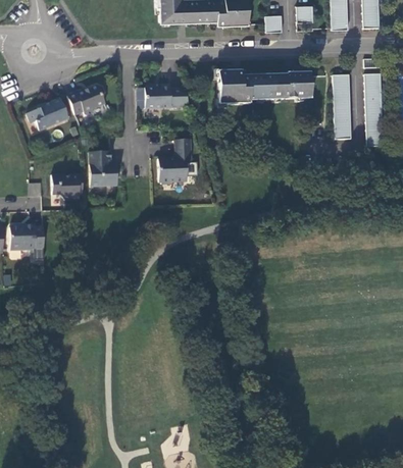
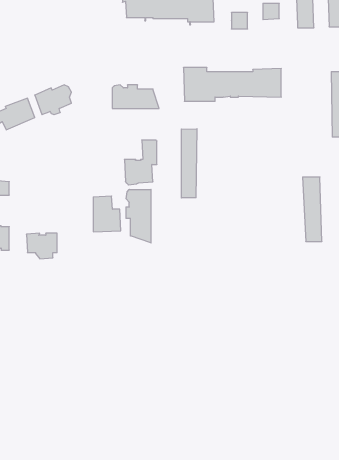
building: [333,74,352,139] -> [303,177,322,241]
building: none -> [181,129,197,198]
building: [88,153,115,189] -> [93,196,121,232]
building: [50,176,81,202] -> [26,233,57,259]
building: none -> [126,189,151,243]

